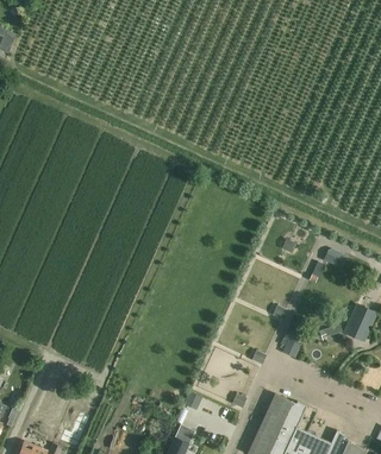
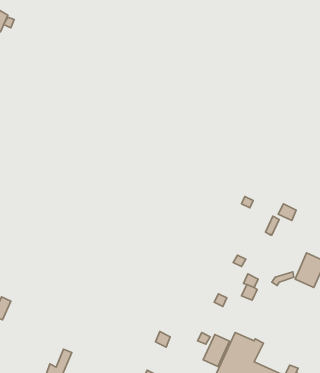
building: none -> [203,335,229,367]

